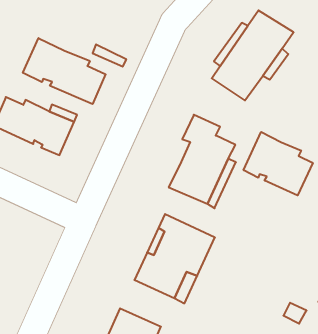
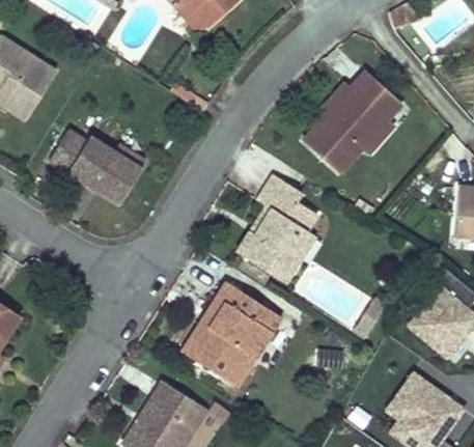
building: [23,38,106,104] -> none
building: [244,132,313,195] -> none

